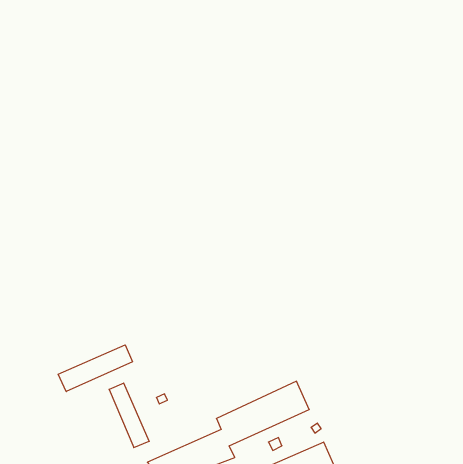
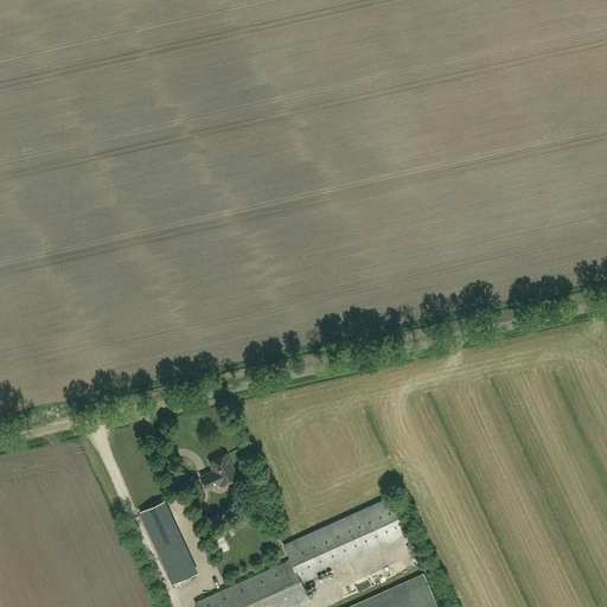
building: [58,345,132,392] -> none
building: none -> [199,455,234,490]

